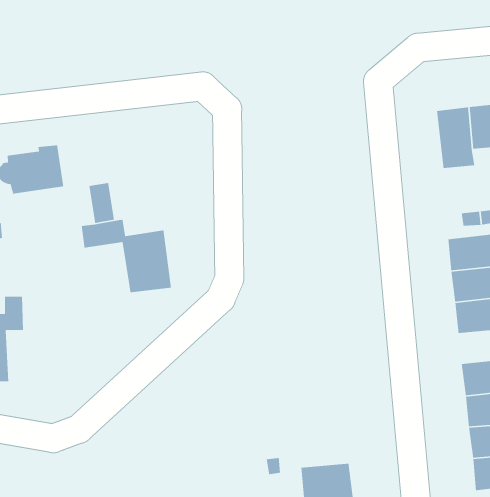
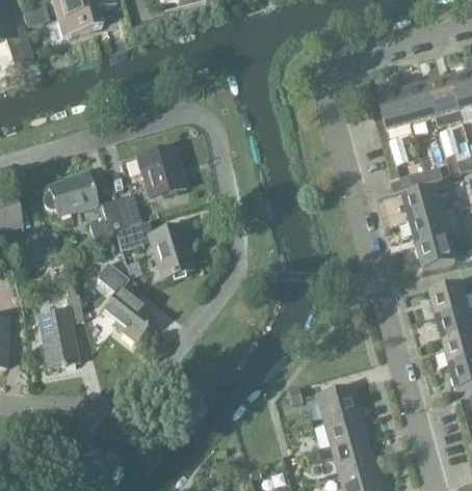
building: none -> [135,144,187,197]
building: none -> [90,198,126,237]
building: none -> [97,262,156,342]

